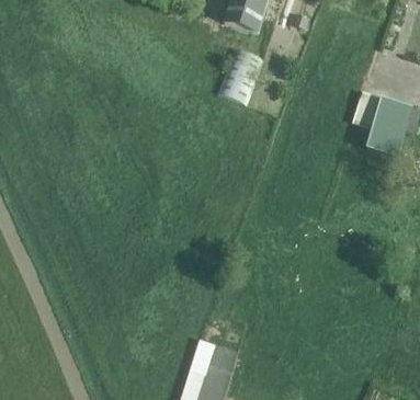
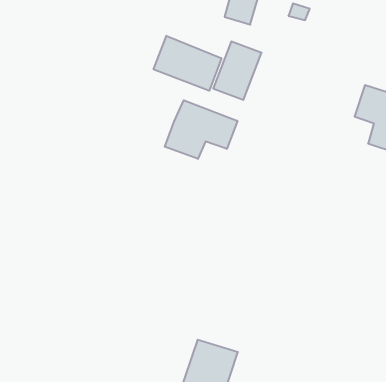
building: none -> [154,36,221,91]
building: none -> [165,100,237,159]

